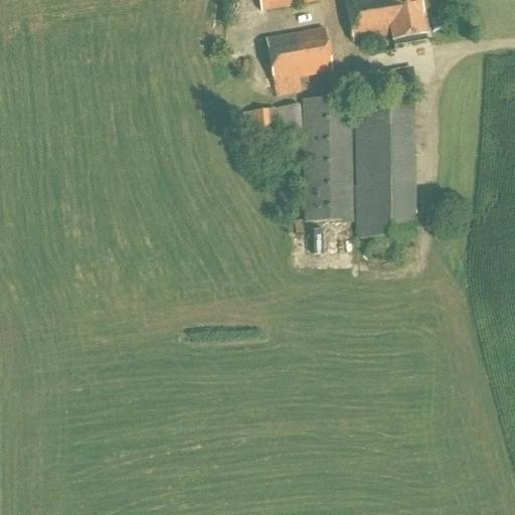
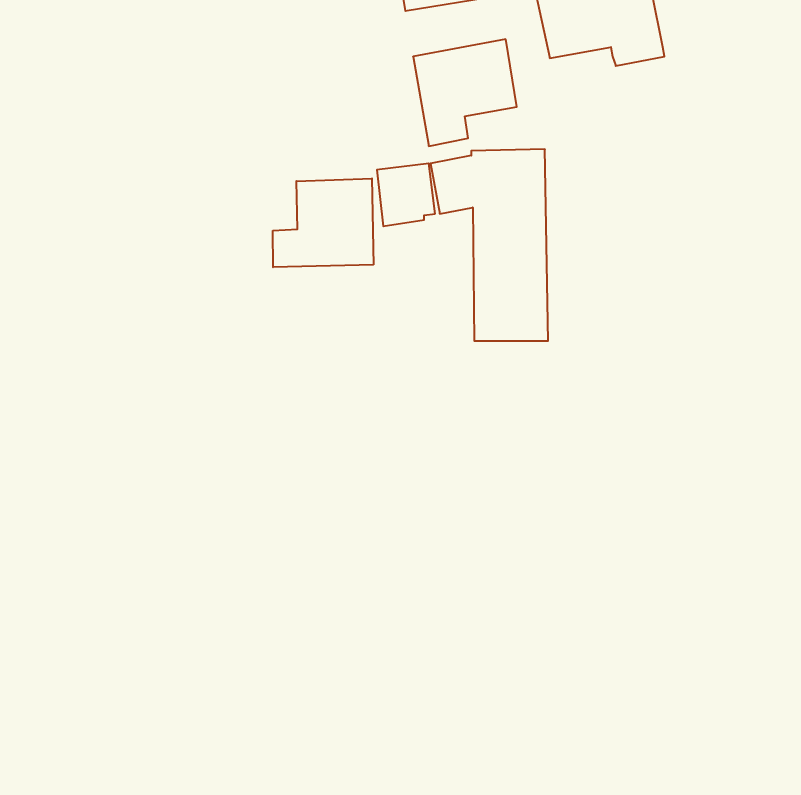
building: [355,95,414,233] -> none
building: none -> [273,178,373,267]

